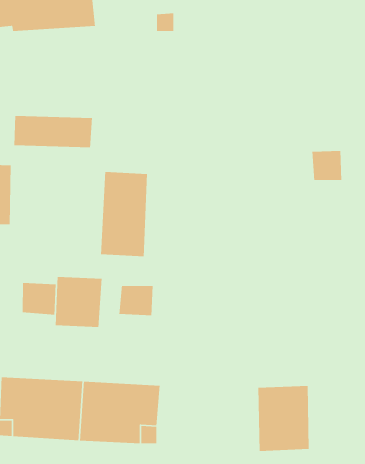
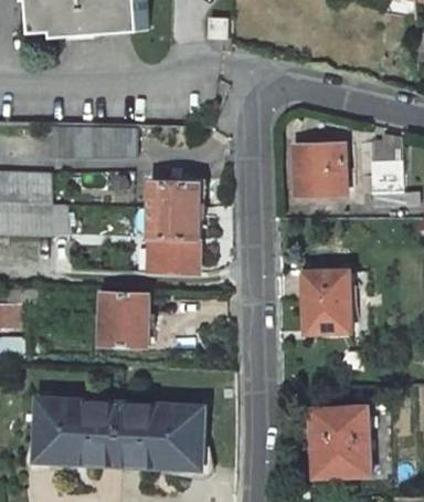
building: none -> [293,144,341,197]
building: none -> [301,271,349,332]
building: [22,282,57,315] -> none
building: [119,285,154,316] -> none

